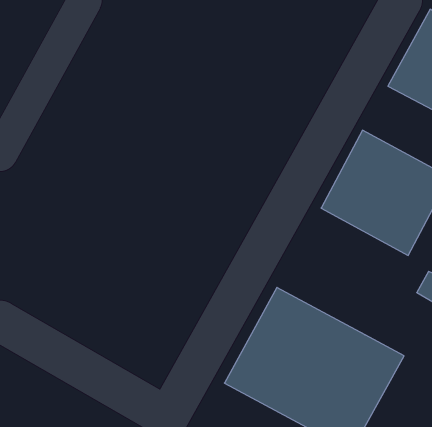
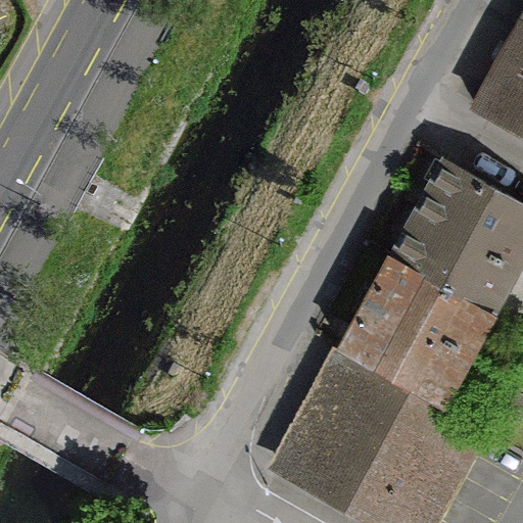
building: none -> [335,257,493,411]

